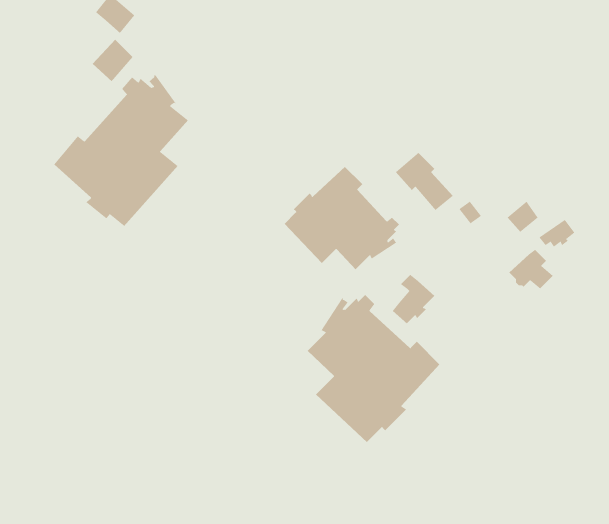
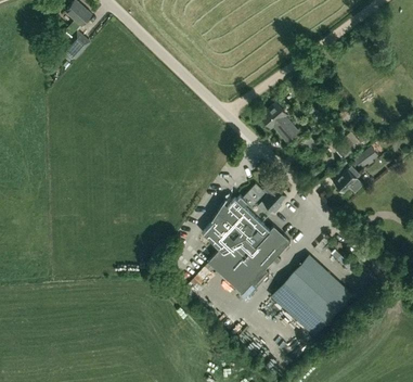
building: [53,74,189,227] -> none
building: [284,166,400,270] -> none
building: none -> [275,256,351,332]

